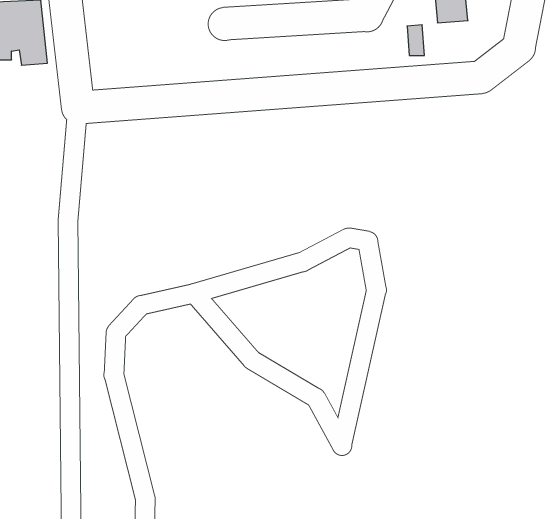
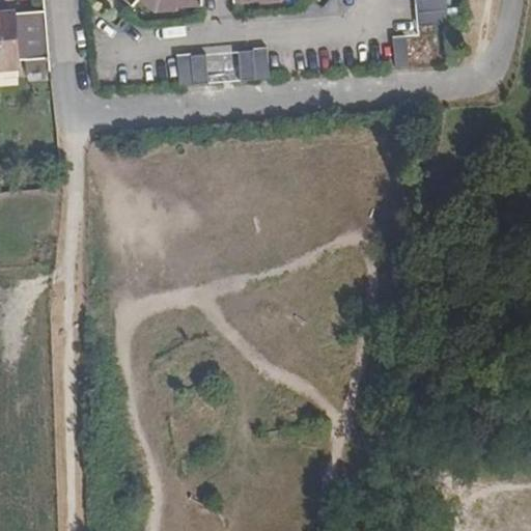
building: none -> [239,48,272,78]
building: none -> [178,53,212,83]

